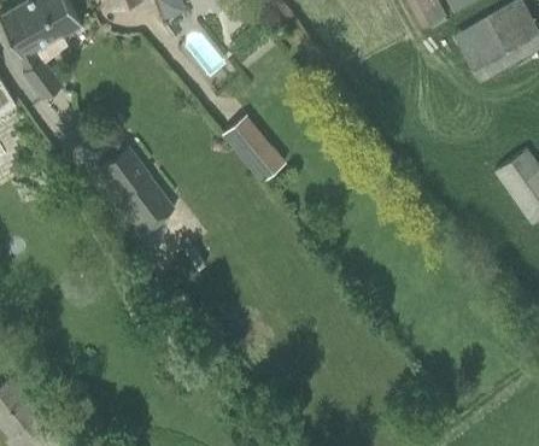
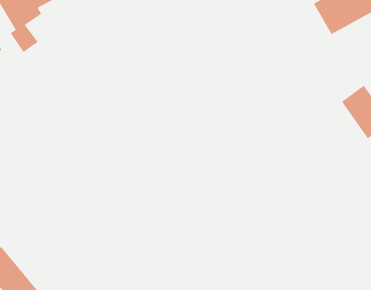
building: [222,115,286,183] -> none
building: [93,146,177,236] -> none

